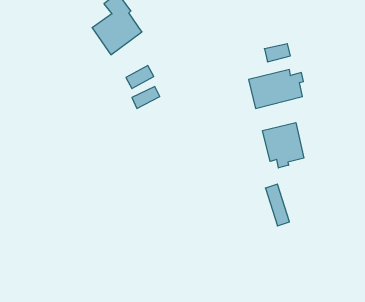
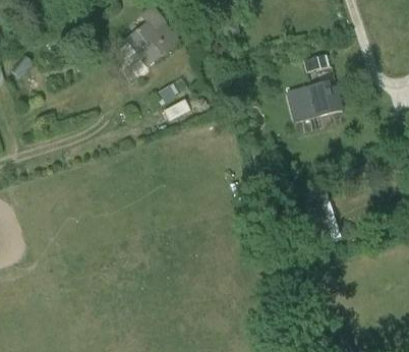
building: [263,123,304,168] -> none

